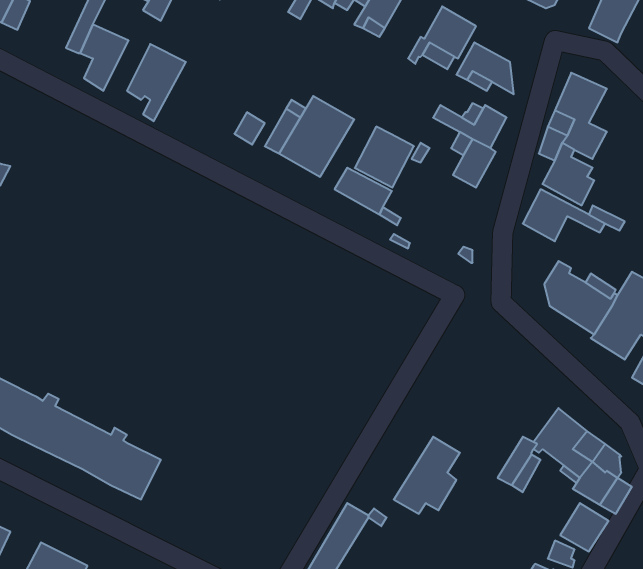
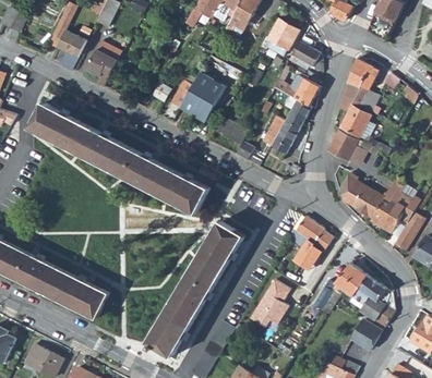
building: [355,127,414,188] -> [263,115,299,153]
building: none -> [32,103,208,212]
building: none -> [286,215,333,273]
building: none -> [147,222,243,354]

